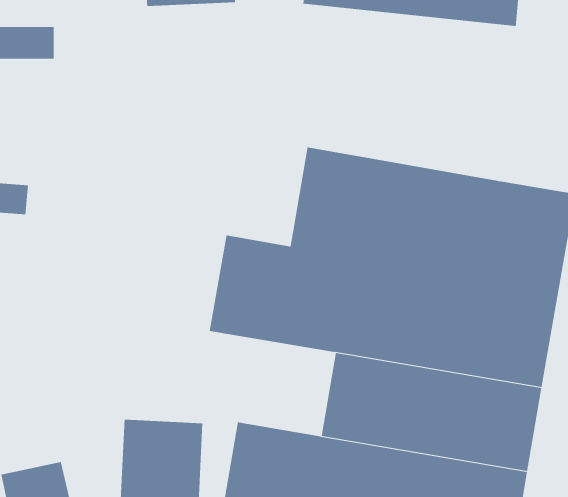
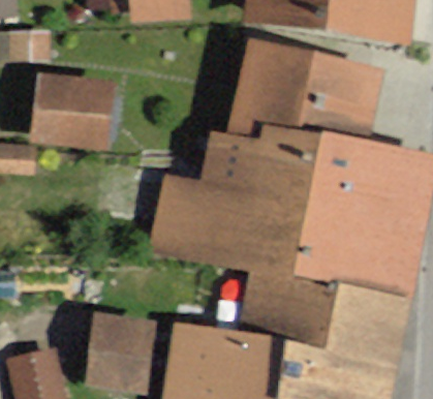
building: none -> [230,40,385,146]
building: none -> [20,76,97,149]

